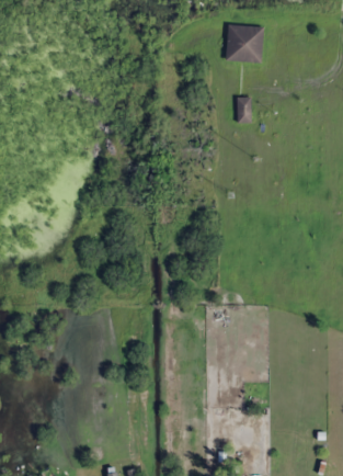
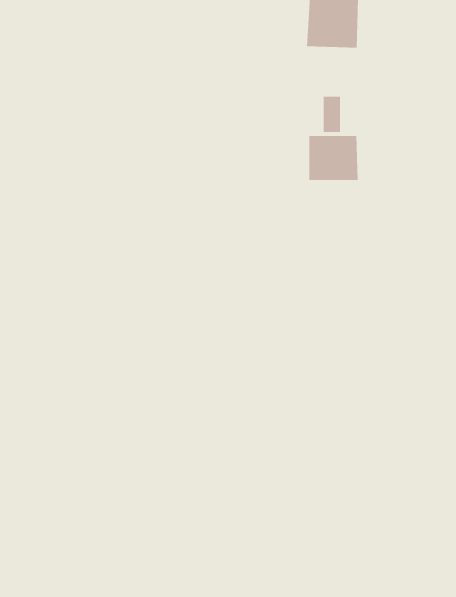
building: none -> [309,135,358,181]

